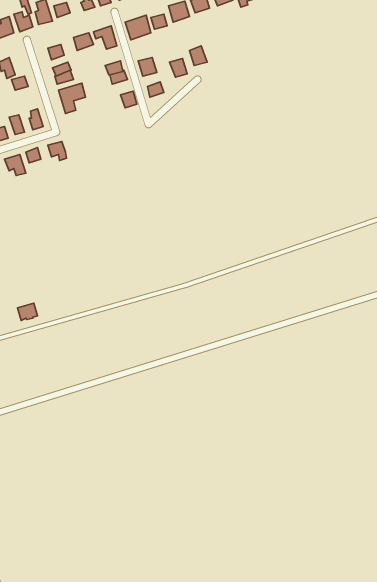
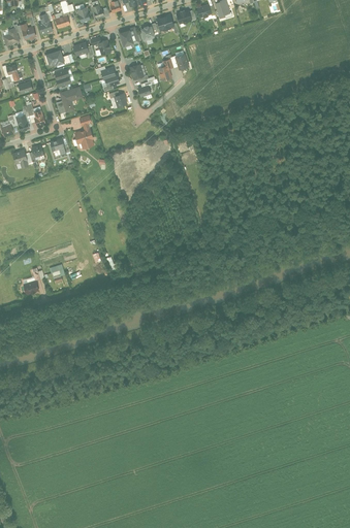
building: none -> [73,113,94,148]

